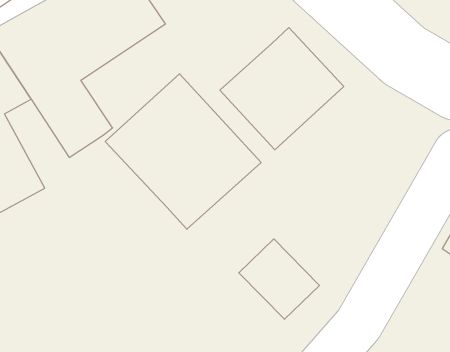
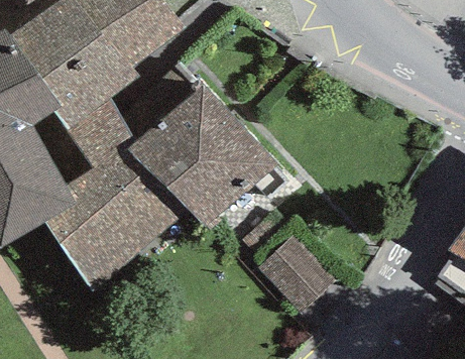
building: [220,28,344,150] -> none
building: none -> [38,139,188,284]

